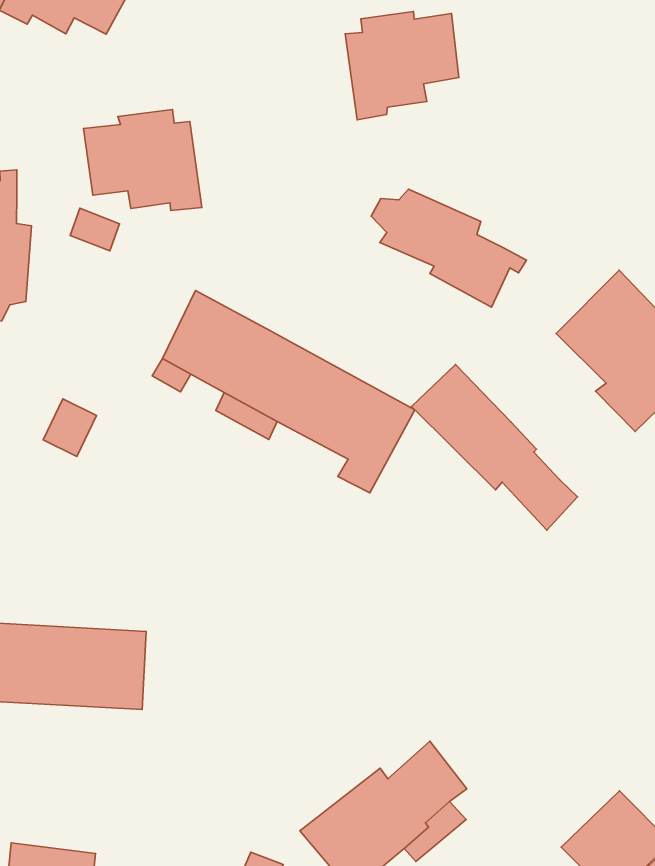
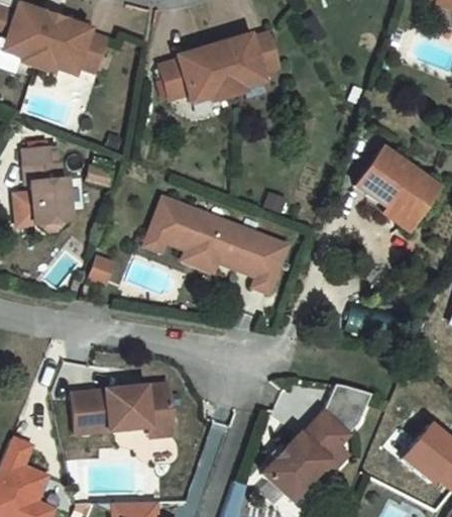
building: [84,109,202,211] -> [165,44,234,100]
building: [371,189,527,307] -> none
building: [411,365,578,530] -> none
building: none -> [322,385,368,438]

